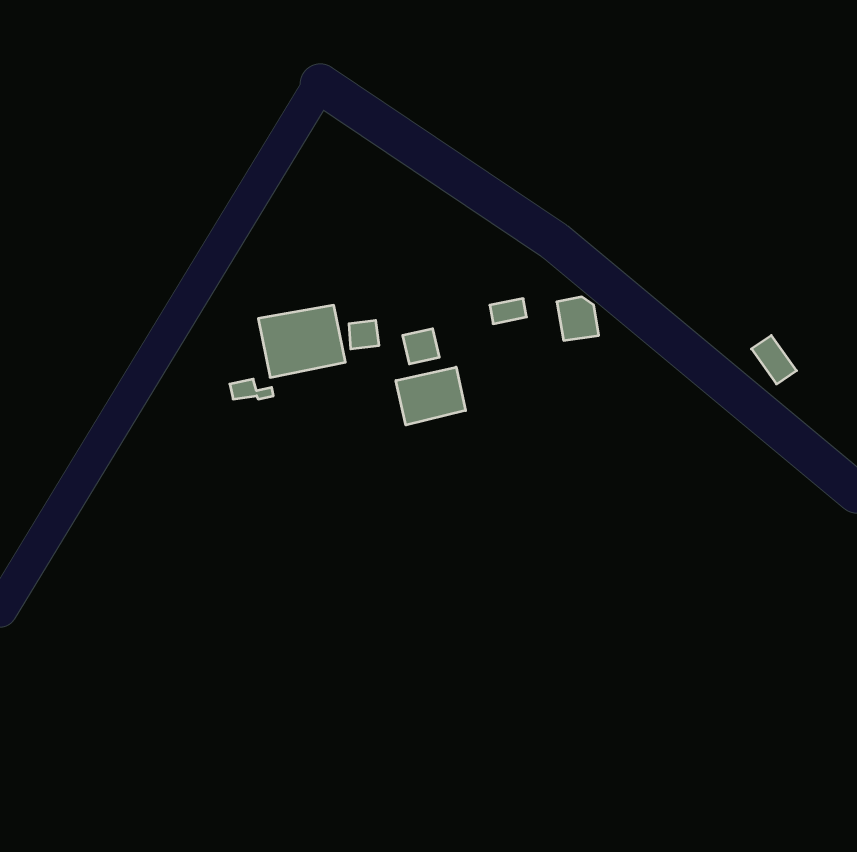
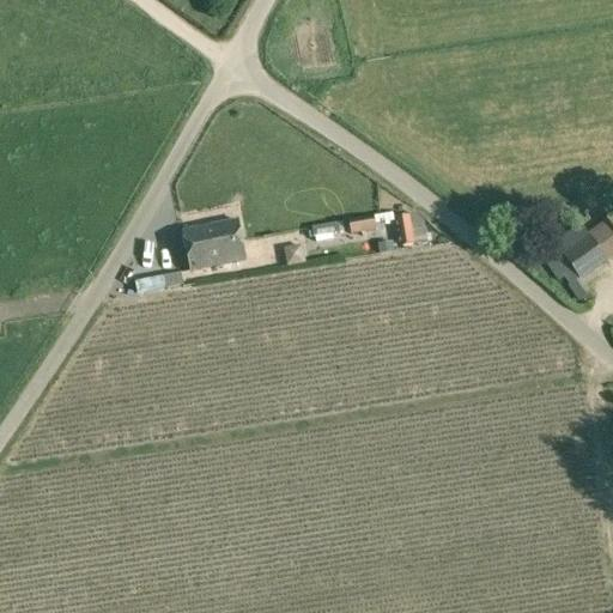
building: none -> [564,233,607,275]
building: [396,367,466,425] -> none

